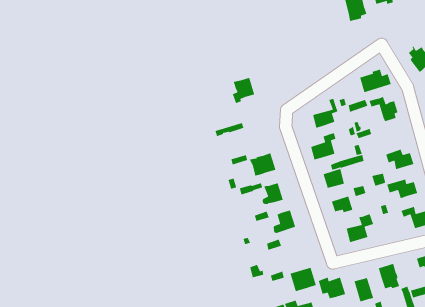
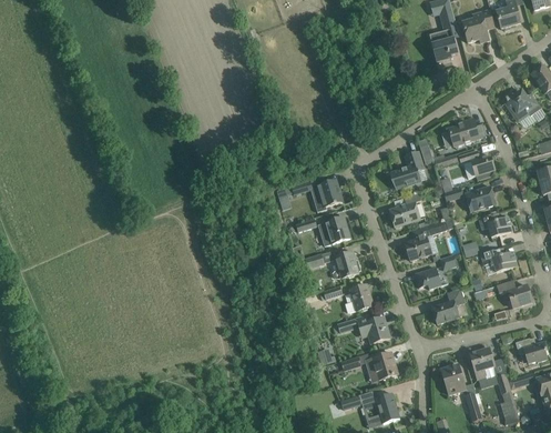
building: [232,77,255,104] -> [314,180,341,212]
building: none -> [465,185,494,212]
building: [318,277,346,299] -> [356,316,389,343]

